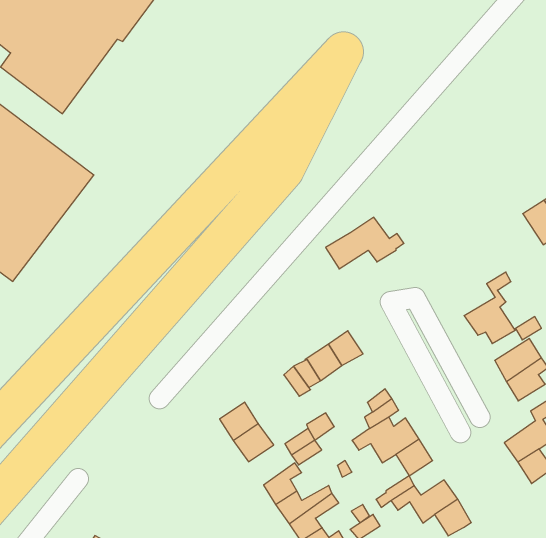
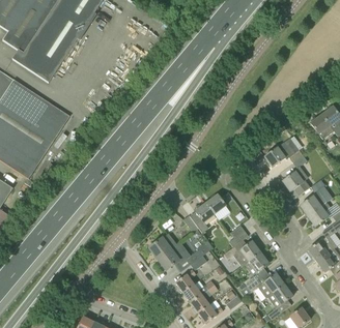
building: [326,217,404,269] -> [263,137,307,167]

